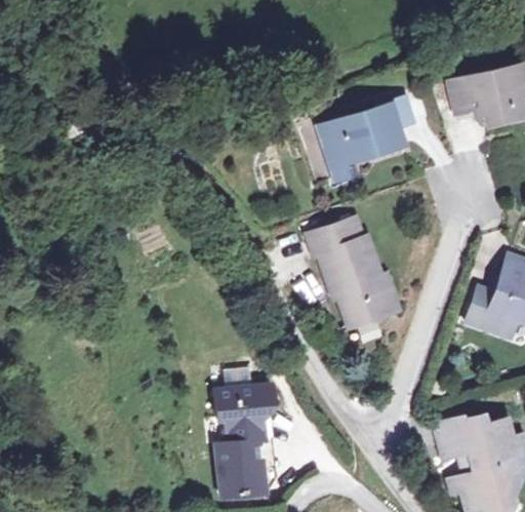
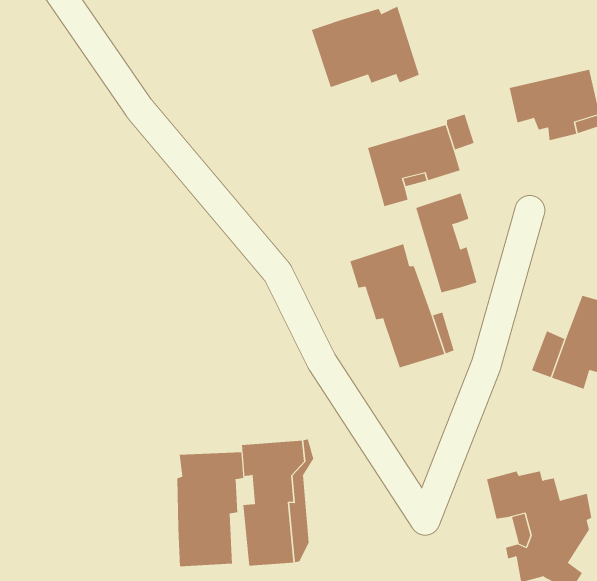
building: none -> [311,6,419,88]
building: none -> [415,193,477,293]
building: none -> [177,451,244,567]

